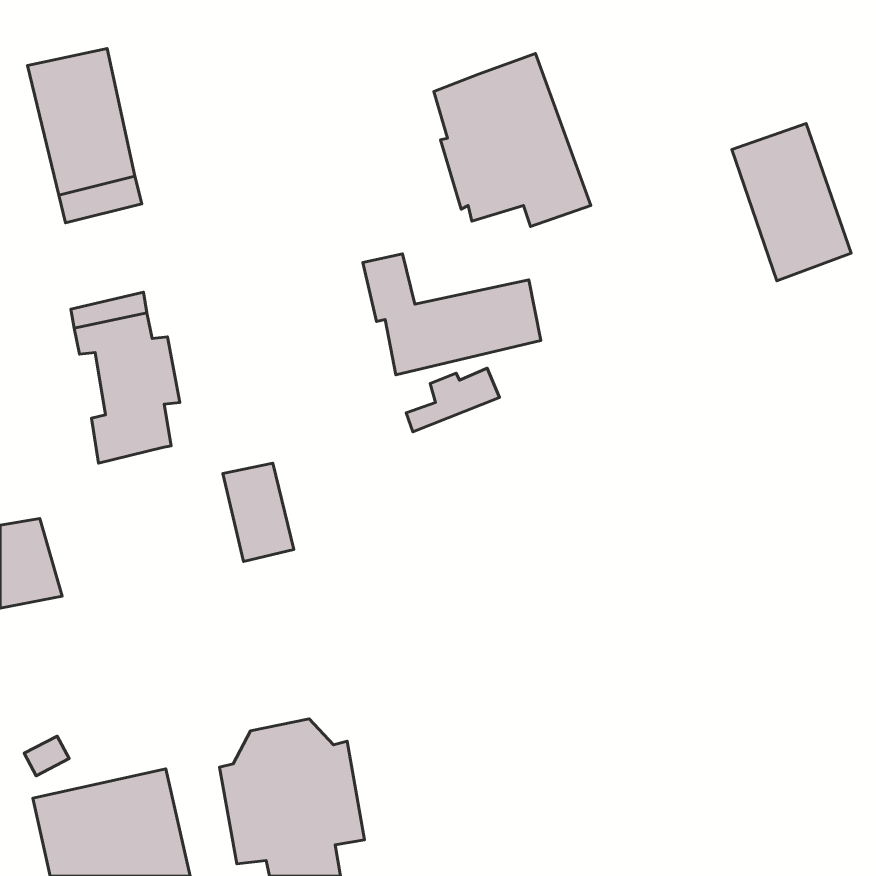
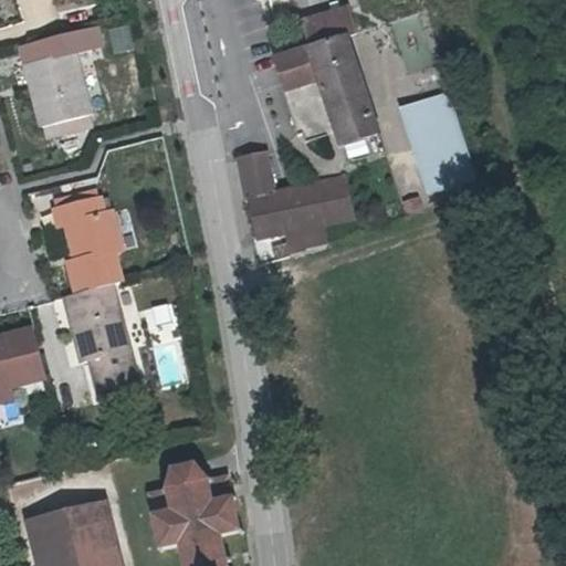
building: none -> [302,6,354,48]
building: [732,124,851,281] -> [405,87,481,188]
building: none -> [62,286,130,399]

